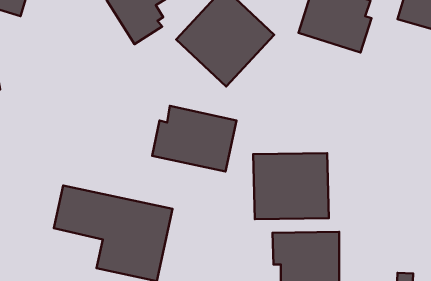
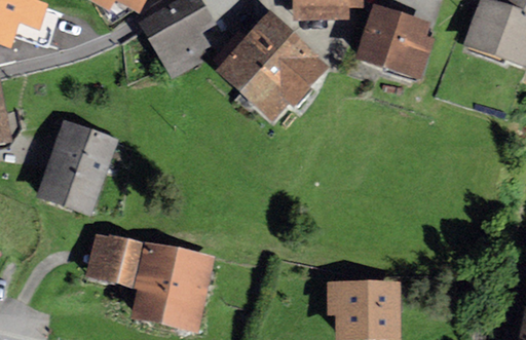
building: none -> [36,116,119,218]
building: [152,106,236,171] -> none
building: [253,153,329,219] -> none

